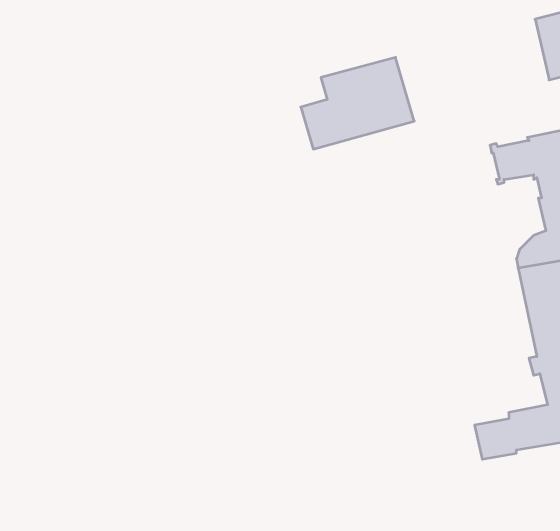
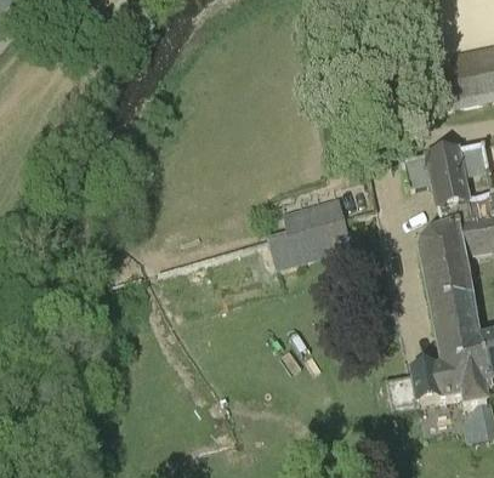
building: [301,57,414,149] -> [265,194,353,266]

